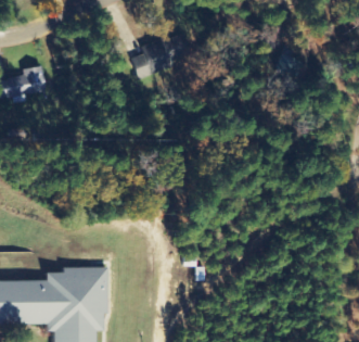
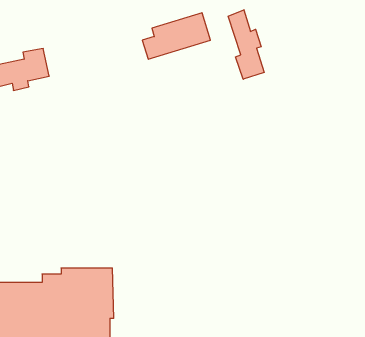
building: none -> [228,10,264,79]

